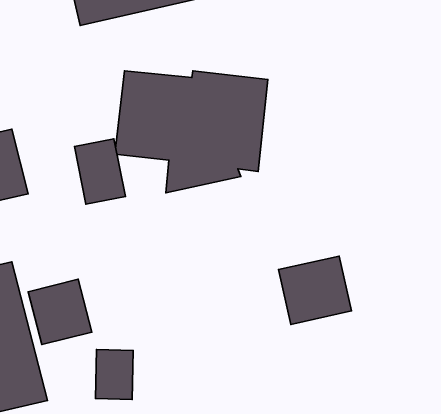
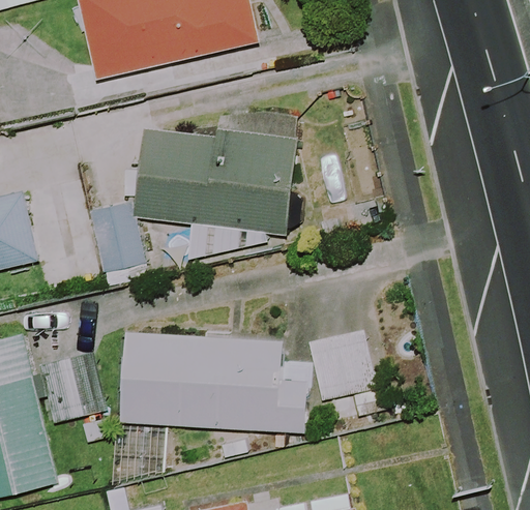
building: none -> [118,331,308,432]

